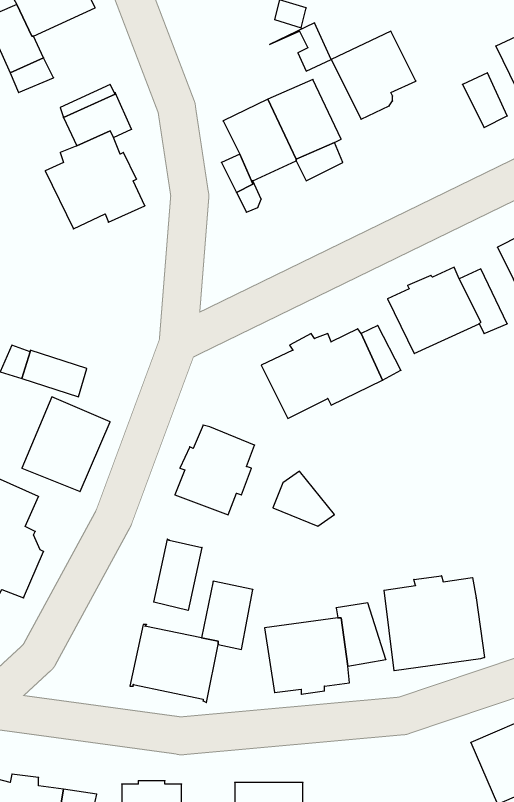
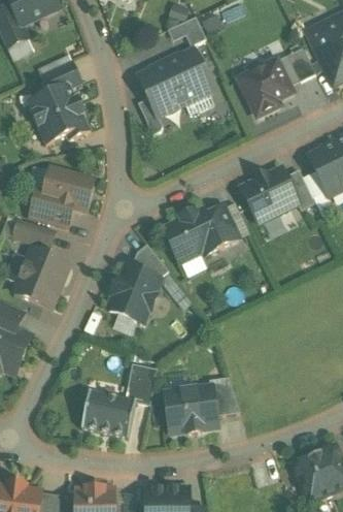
building: [331,31,416,119] -> [239,61,291,116]
building: none -> [31,169,93,226]
building: [273,471,334,526] -> [131,245,169,279]
building: [154,539,202,610] -> none
building: [384,576,484,671] -> none

